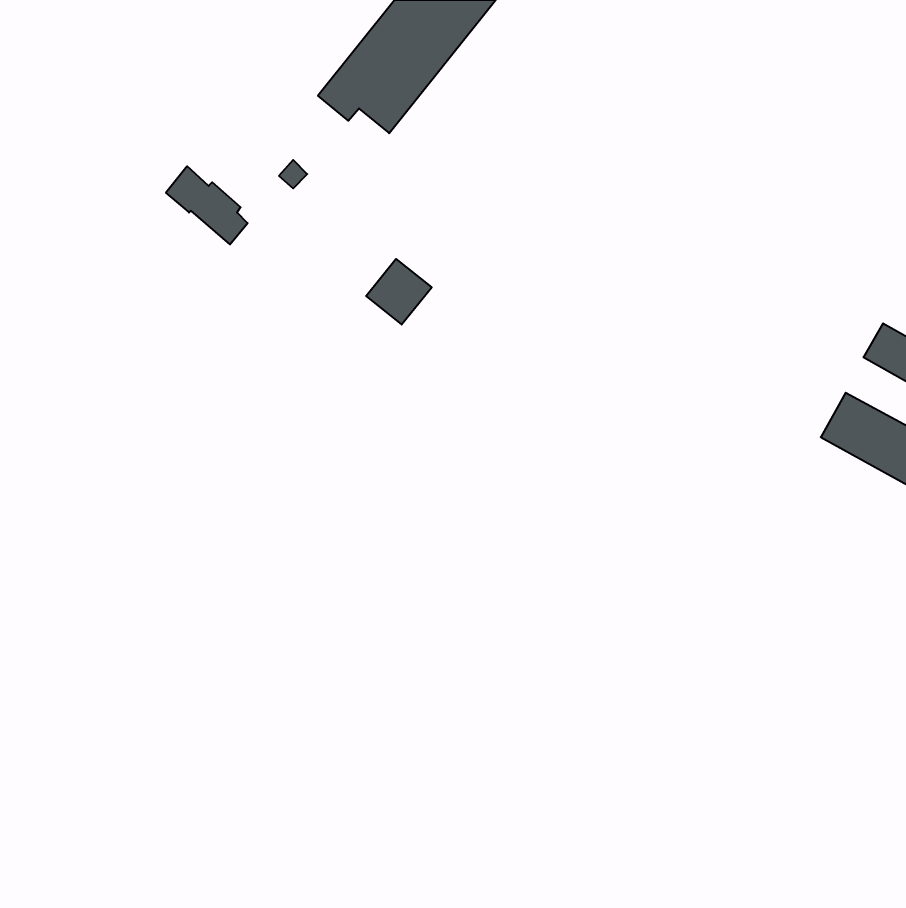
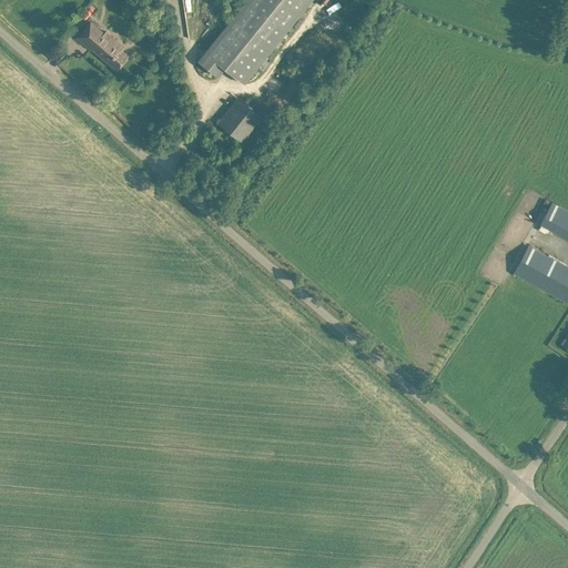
building: [166,166,248,244] -> [78,21,129,70]
building: [366,259,432,325] -> [220,99,261,140]

